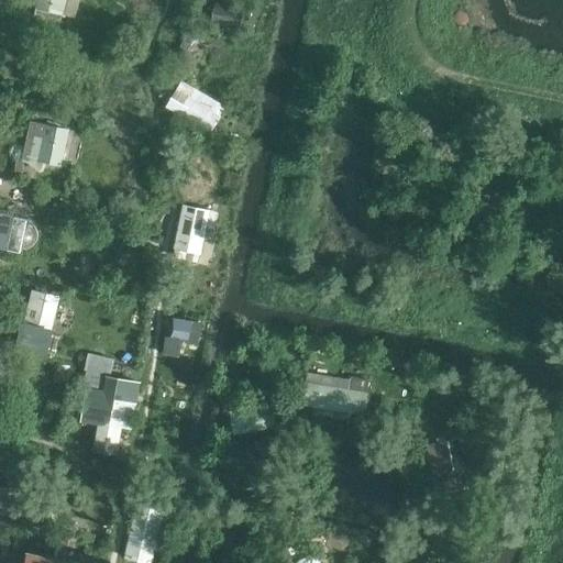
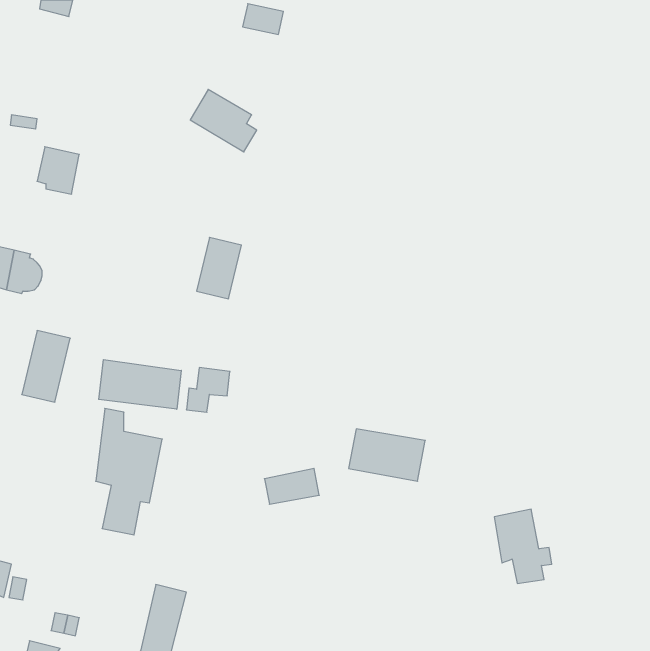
building: none -> [99,360,181,409]

